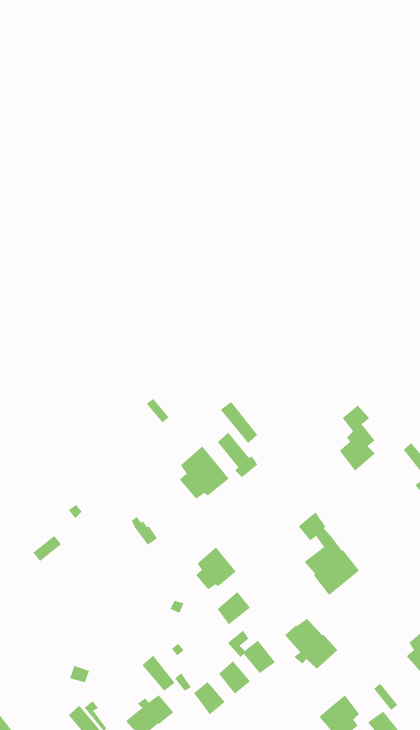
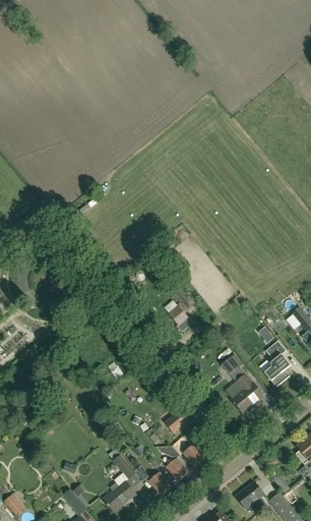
building: [339,405,376,471] -> [264,341,290,387]
building: [179,445,229,500] -> none
building: [196,546,237,590] -> none
building: [284,618,338,669] -> none

